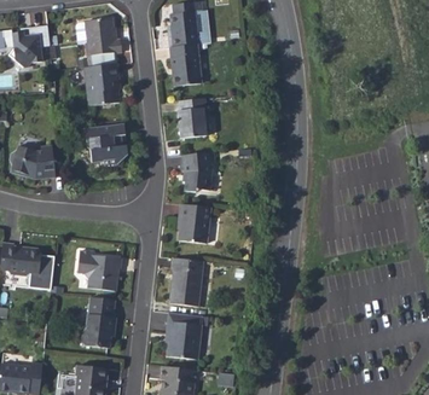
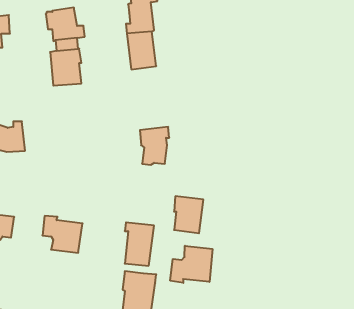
building: [178,97,208,140] -> none
building: [82,123,128,164] -> none
building: [180,203,213,244] -> [174,196,203,233]
building: none -> [170,246,212,283]
building: [81,297,116,348] -> none

